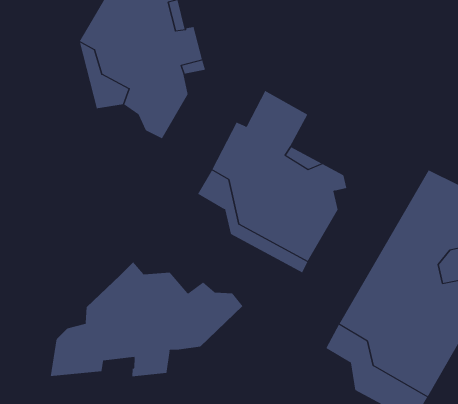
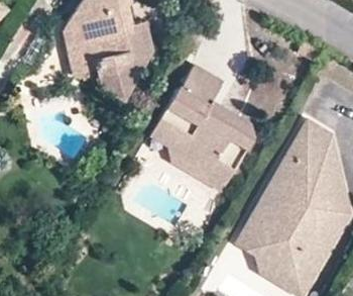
building: [50,262,243,377] -> none

